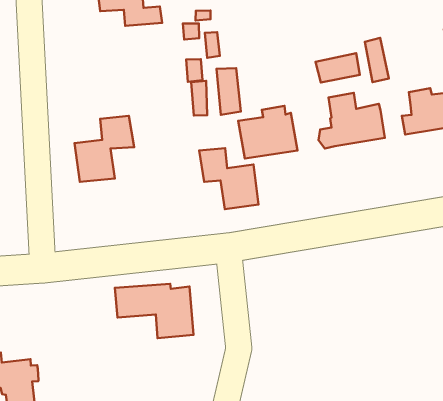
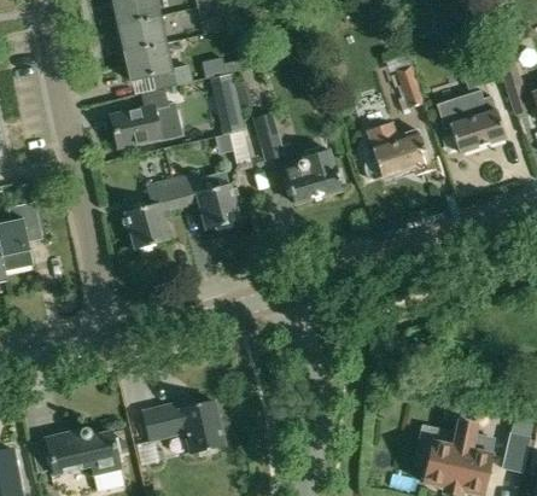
building: none -> [111,88,169,148]
building: [315,53,360,82] -> none
building: [199,148,258,209] -> [174,170,240,231]
building: [115,284,193,338] -> [141,398,226,454]

